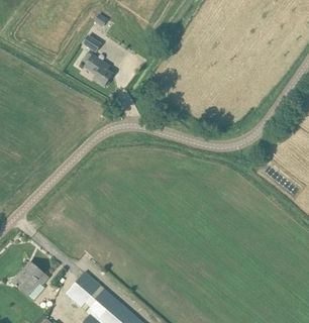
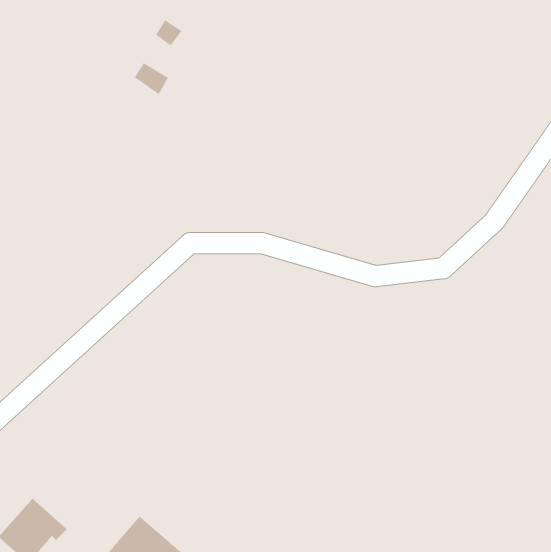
building: [83,52,113,88] -> none

